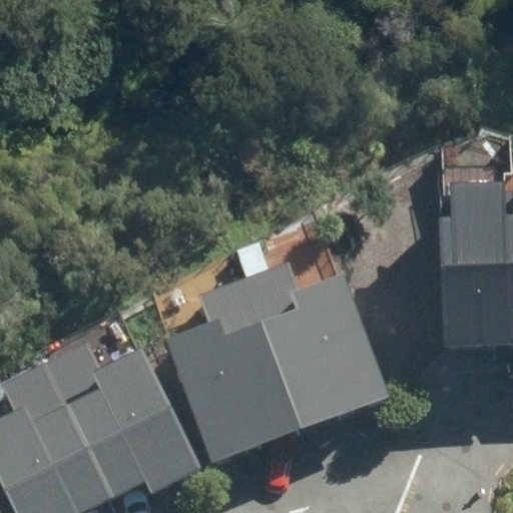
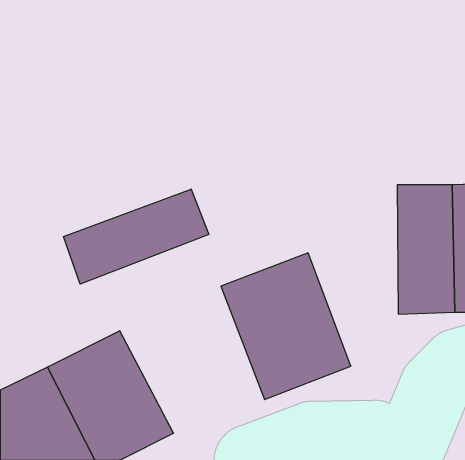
building: none -> [64,189,209,284]
building: [164,309,296,463] -> none

